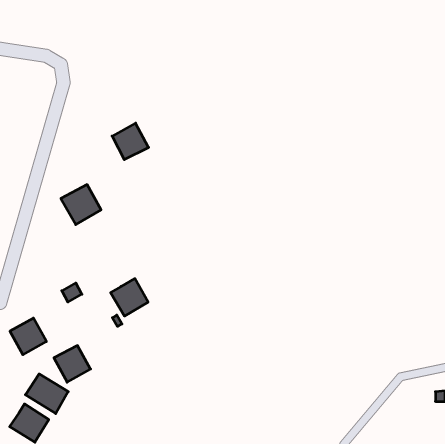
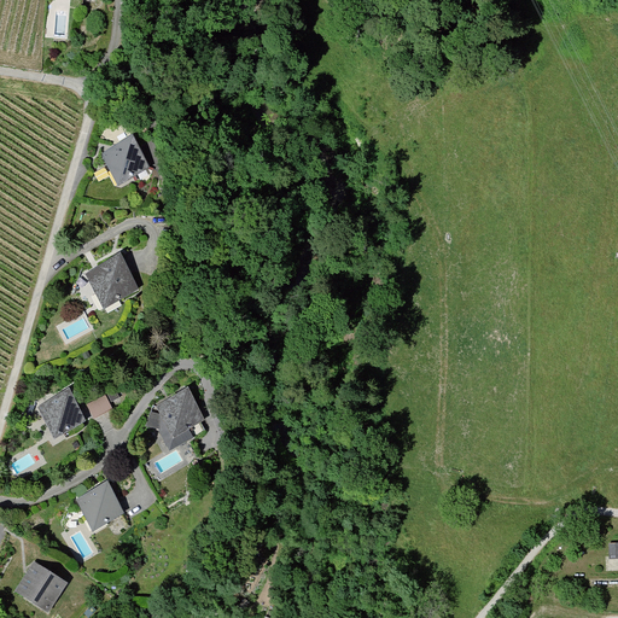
building: [112,123,149,160] -> [99,134,150,185]
building: [10,318,46,355] -> [35,386,86,437]
building: [25,374,68,414] -> none

